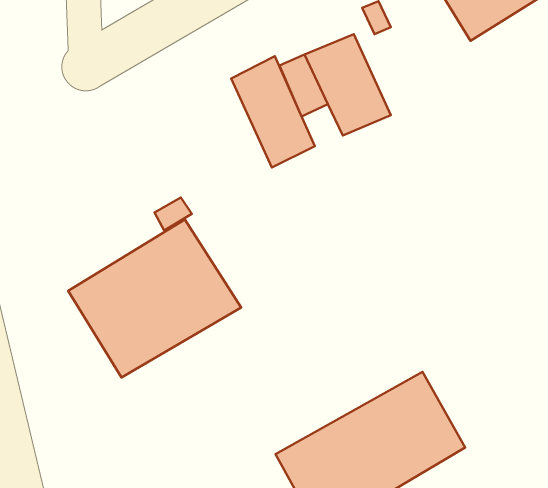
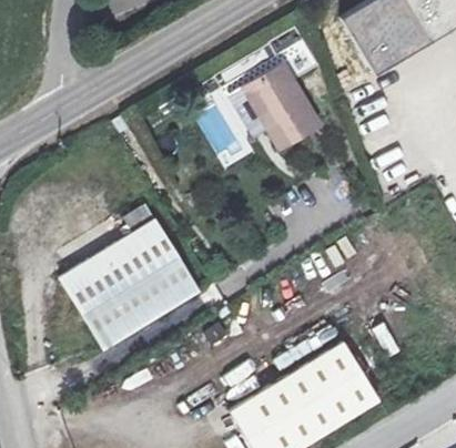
building: [231,56,315,167] -> none

